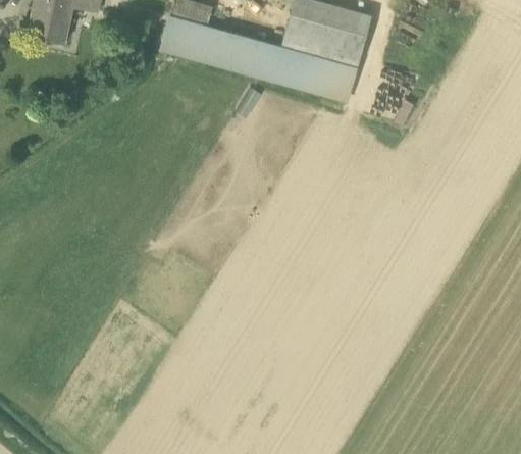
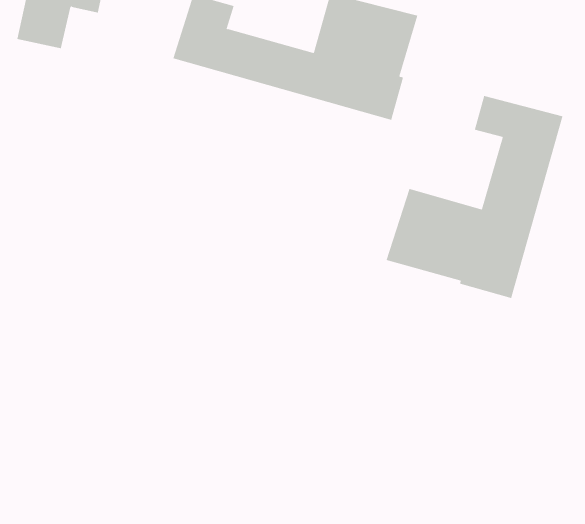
building: none -> [386,95,563,299]

